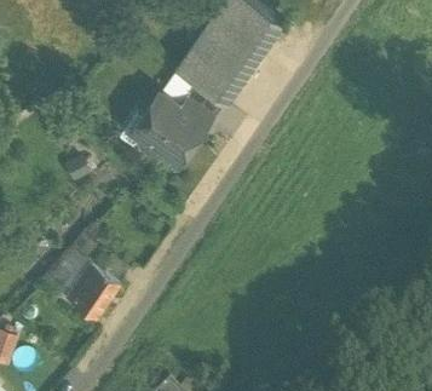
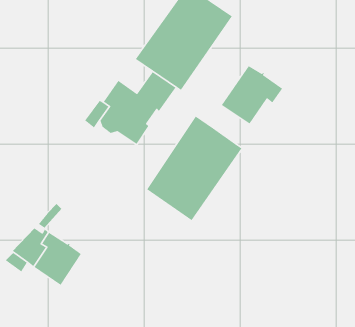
building: none -> [221,65,283,124]
building: none -> [146,115,243,221]

